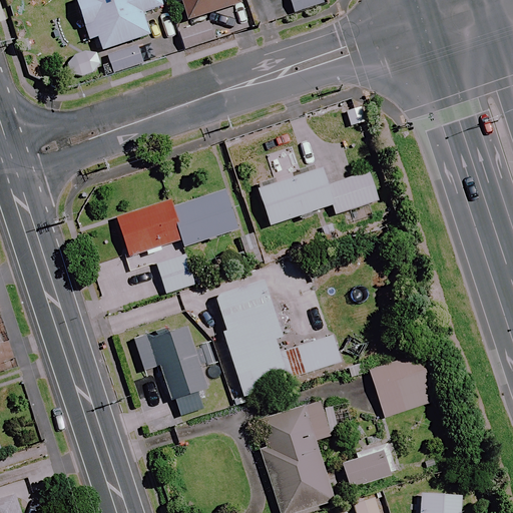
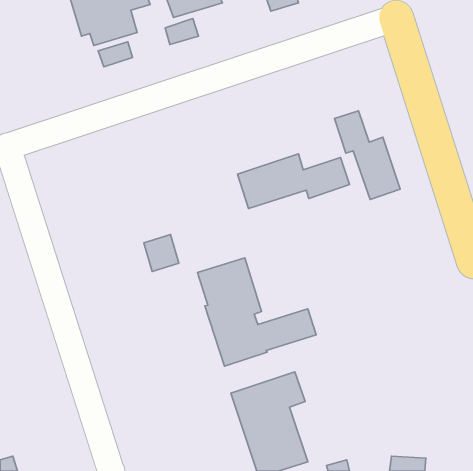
building: none -> [335,111,400,199]
building: [116,190,237,256] -> none
building: [147,322,208,416] -> none
building: [369,353,435,417] -> none
building: [343,451,389,487] -> none

